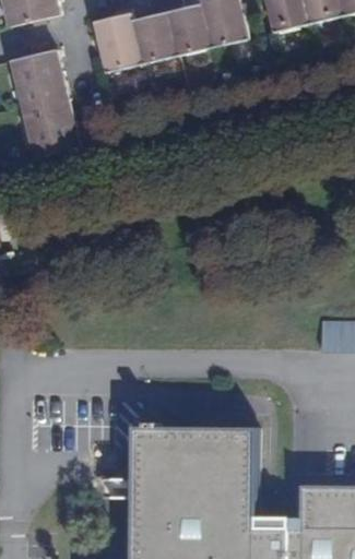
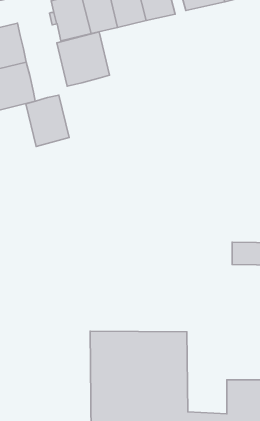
building: none -> [57,32,110,86]
building: none -> [26,95,69,146]

